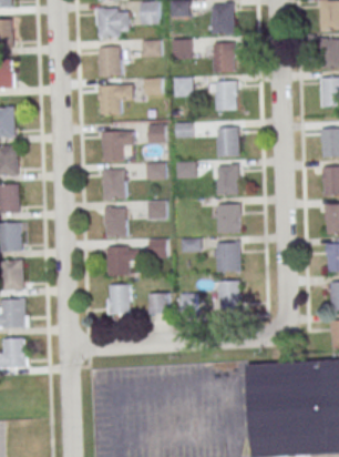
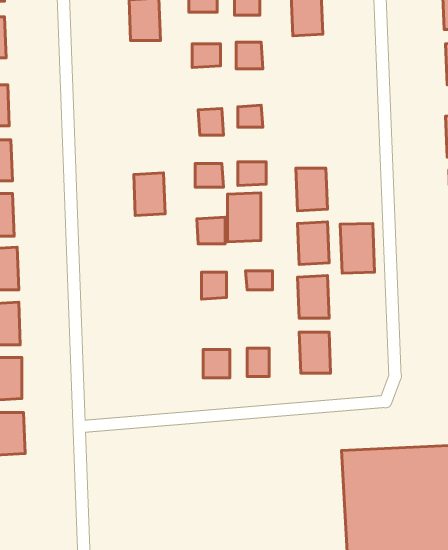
building: [216,80,237,110] -> none
building: [99,83,131,114] -> none
building: [217,126,239,155] -> none
building: [102,130,134,160] -> none
building: none -> [227,193,261,242]
building: none -> [340,223,375,273]
building: [104,206,126,236] -> none
building: [106,245,129,275] -> none
building: [110,284,132,313] -> none

